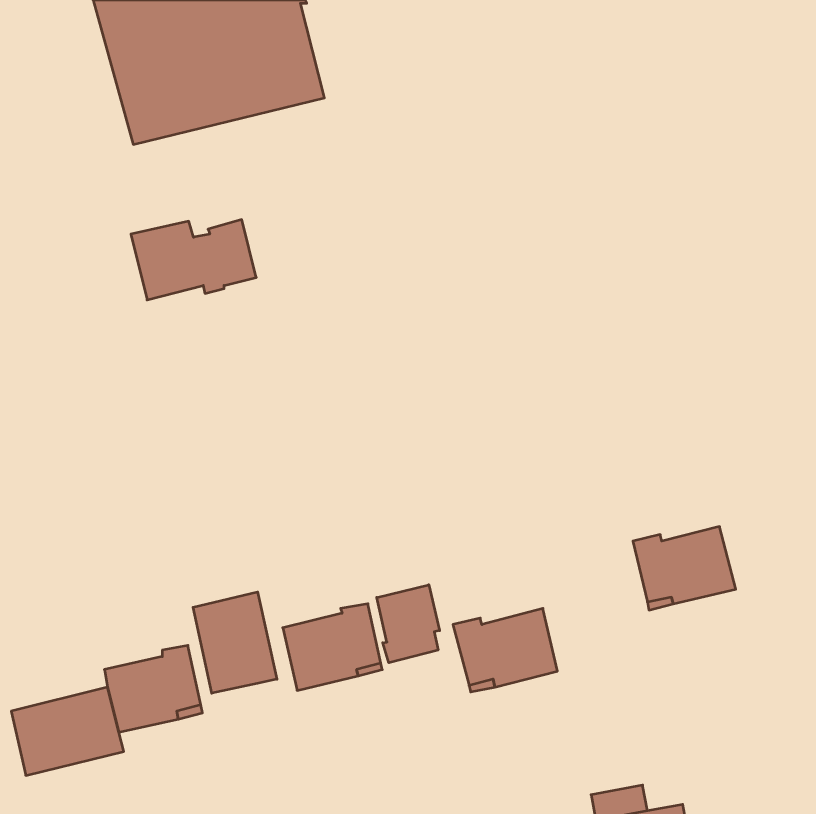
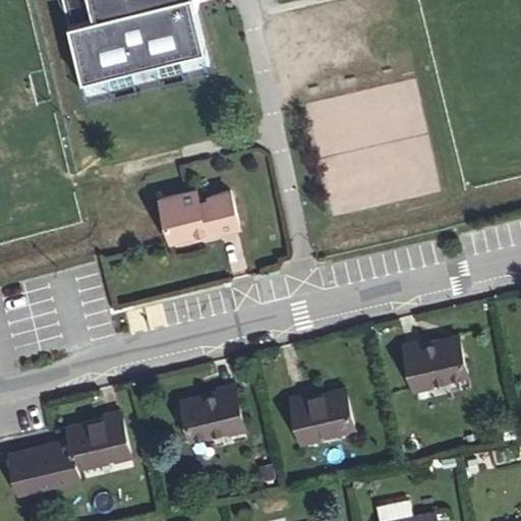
building: [131,220,256,300] -> [158,191,237,242]
building: [377,585,440,663] -> none
building: [193,592,277,693] -> none

